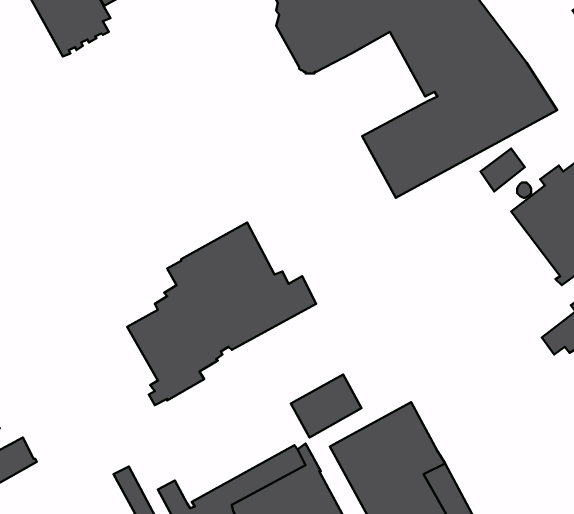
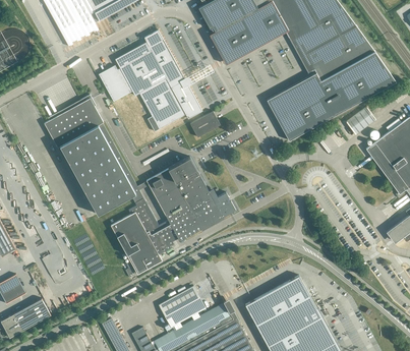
building: none -> [99,31,202,131]
building: none -> [45,95,143,215]
building: none -> [190,111,221,137]
building: [291,374,362,437] -> [159,286,206,328]

